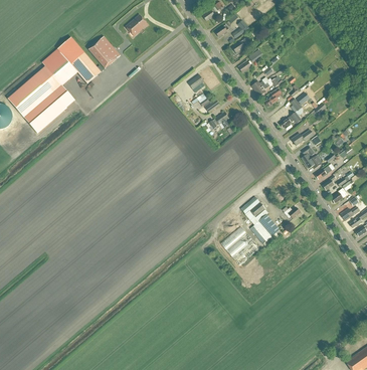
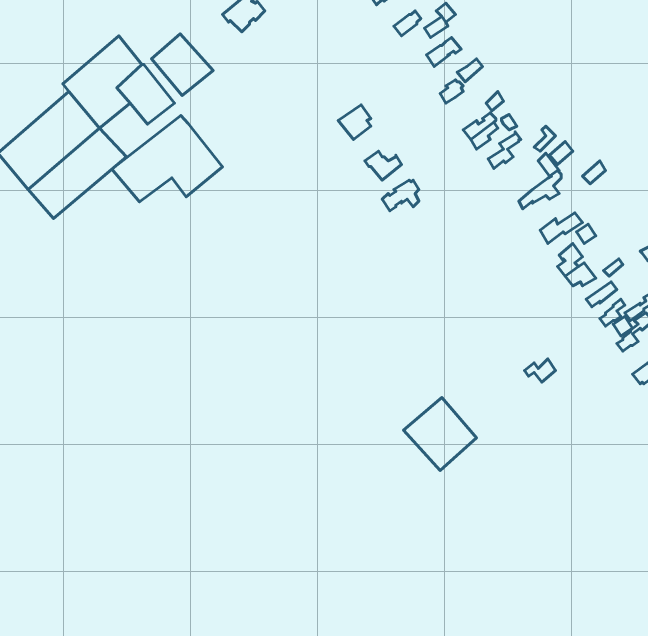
building: none -> [112,115,223,202]
building: [241,196,281,243] -> none

